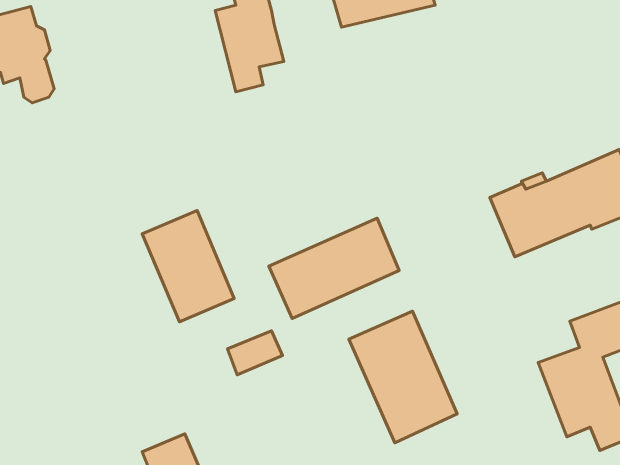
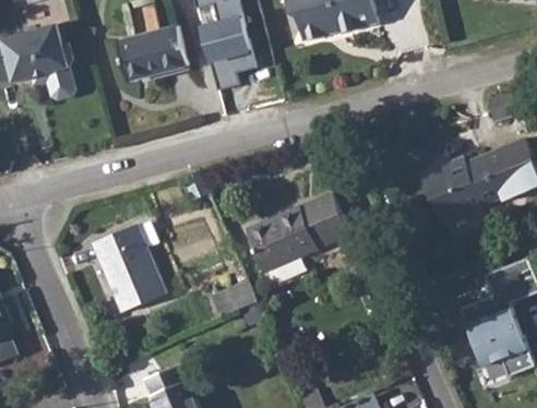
building: none -> [116,25,187,81]
building: [142,211,234,322] -> [92,224,165,312]
building: [349,311,457,443] -> none

